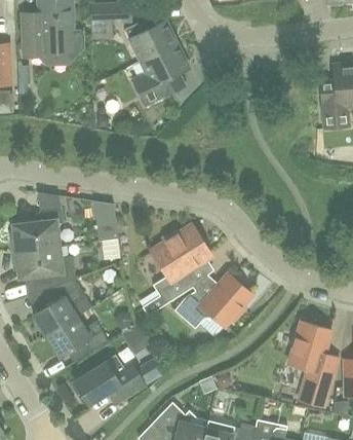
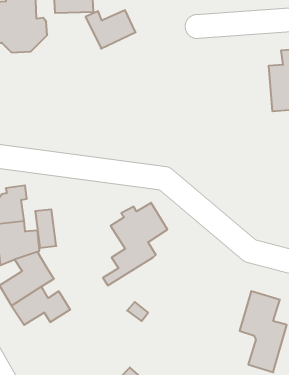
building: [132,44,189,105] -> none
building: [96,214,119,255] -> [35,209,56,248]
building: [173,273,251,328] -> none
building: [68,357,165,404] -> none

